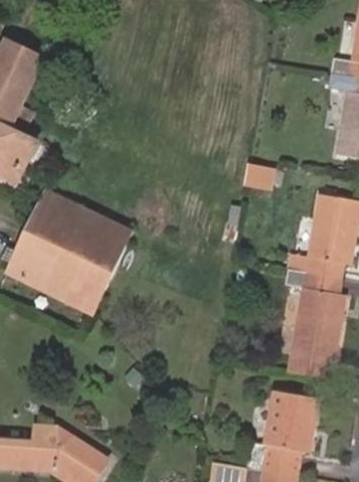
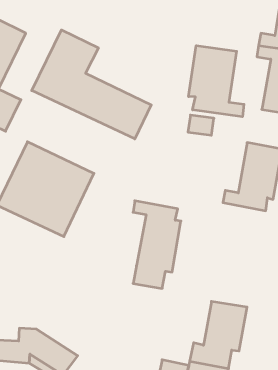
building: none -> [32,30,151,139]
building: none -> [189,46,244,117]
building: [287,269,346,377] -> [133,201,181,288]

